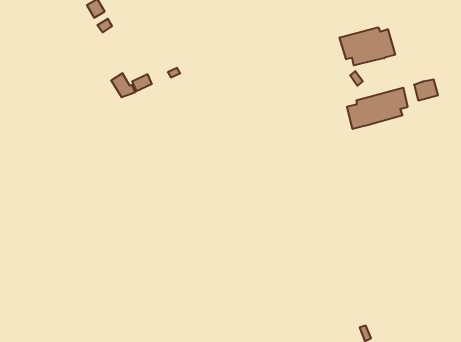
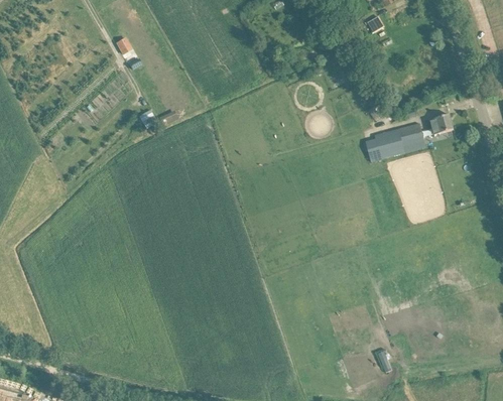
building: [340,27,395,65] -> none

